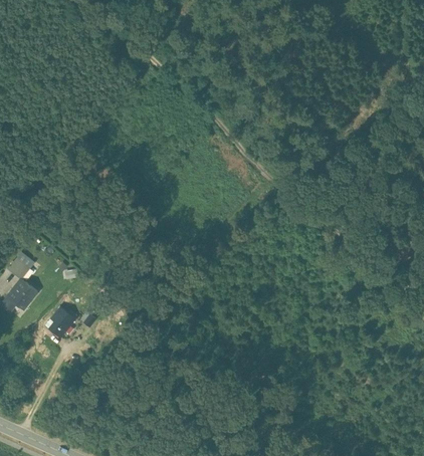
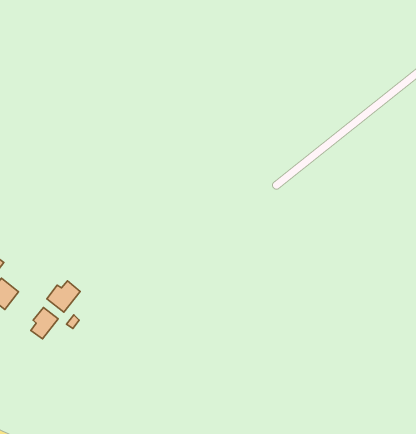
building: none -> [47,281,80,312]

